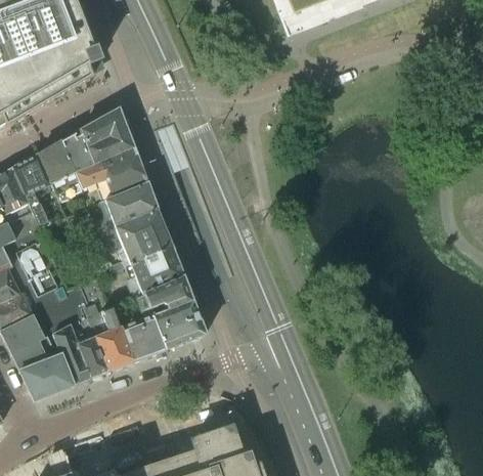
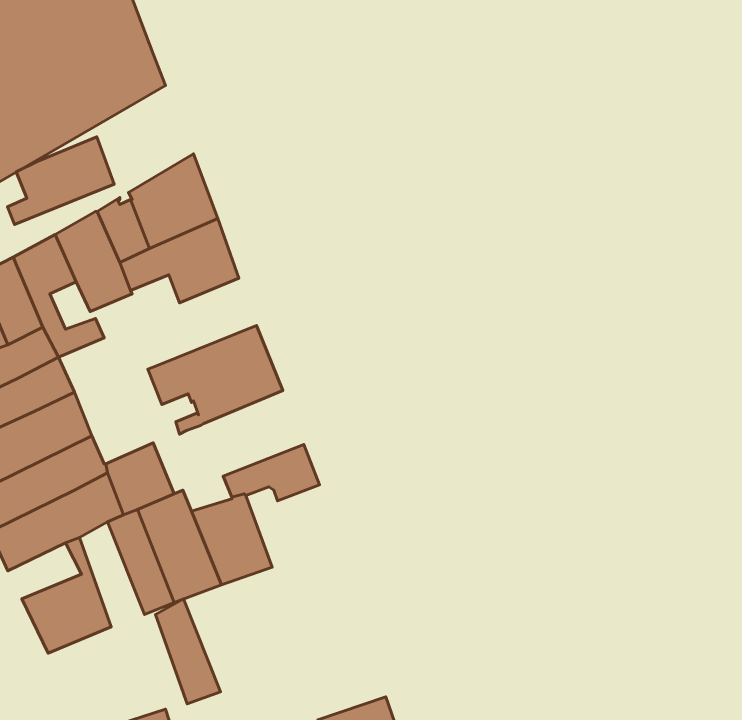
building: [93,182,156,233] -> [7,137,114,224]
building: [125,248,183,299] -> none
building: [149,303,205,351] -> none
building: [52,324,90,386] -> [156,599,220,704]
building: [10,337,53,370] -> none

